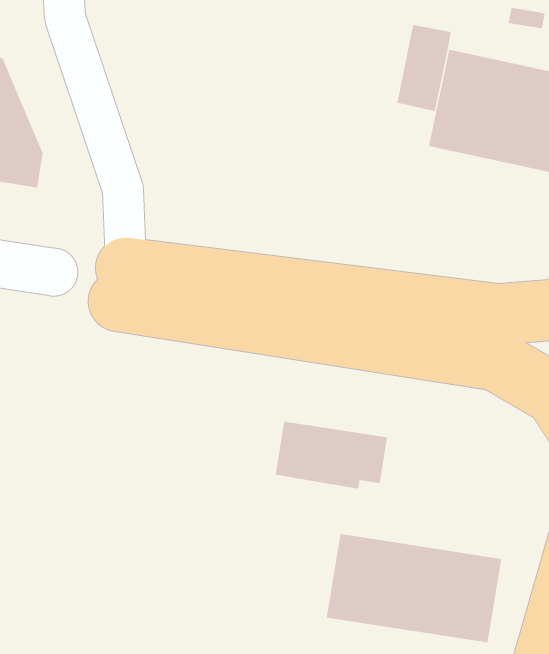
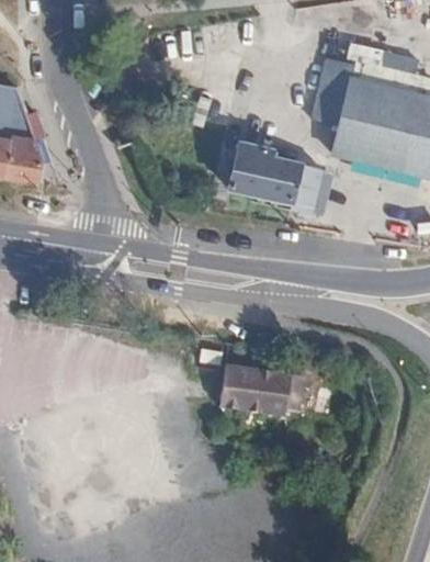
building: none -> [230,143,324,213]
building: [326,533,502,643] -> none

